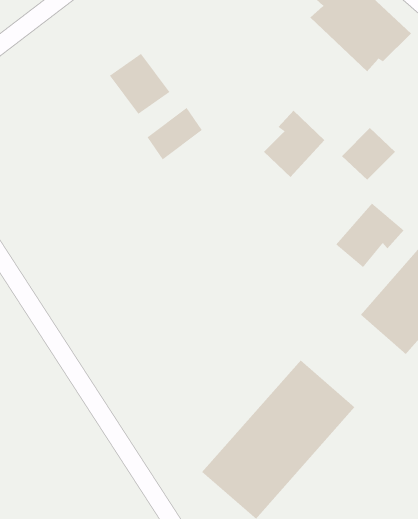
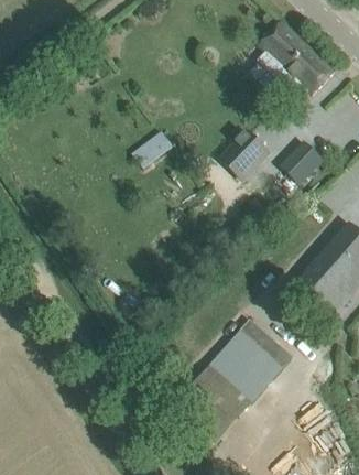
building: [109,53,171,115] -> none
building: [335,202,405,268] -> none

